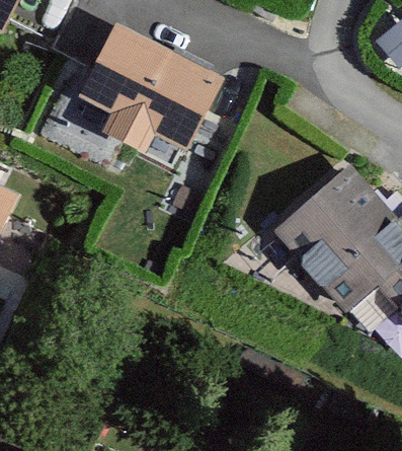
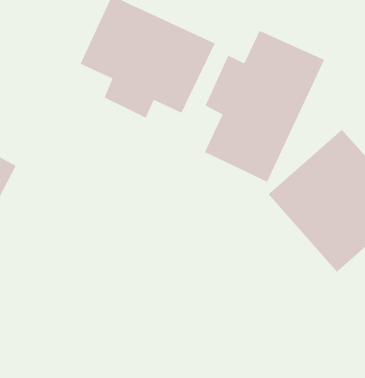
building: none -> [204,30,325,183]

